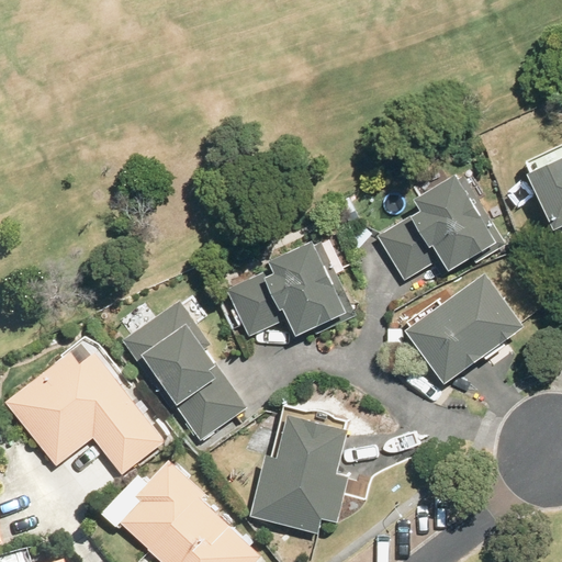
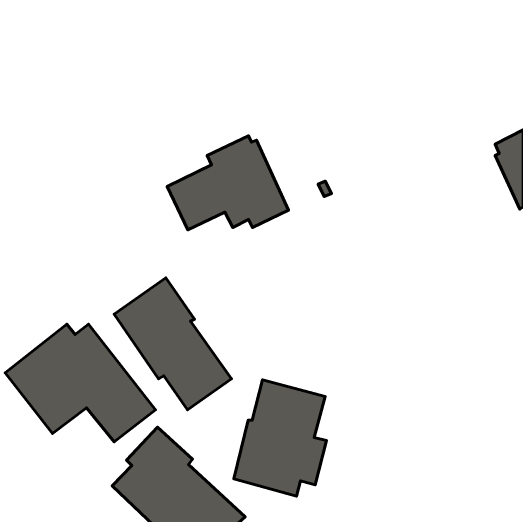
building: [376,172,506,283] -> none
building: [226,237,356,337] -> [167,136,289,230]
building: [406,271,525,383] -> none

